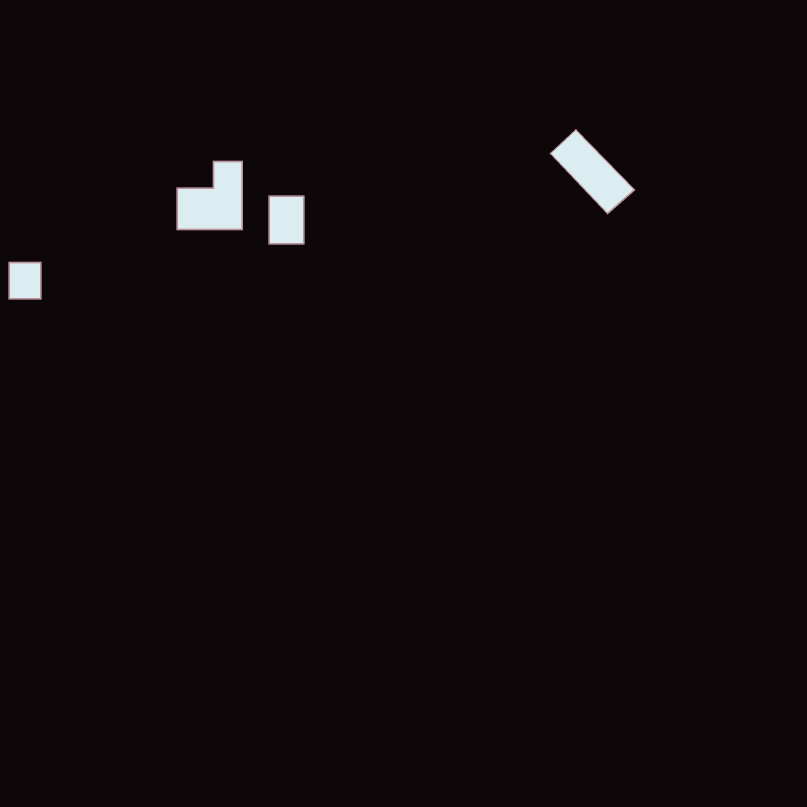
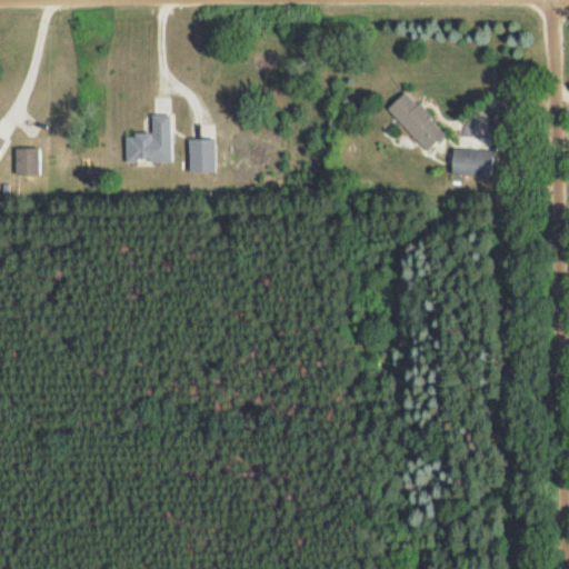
building: none -> [452,150,492,176]
building: [9,263,41,299] -> [17,148,39,173]

